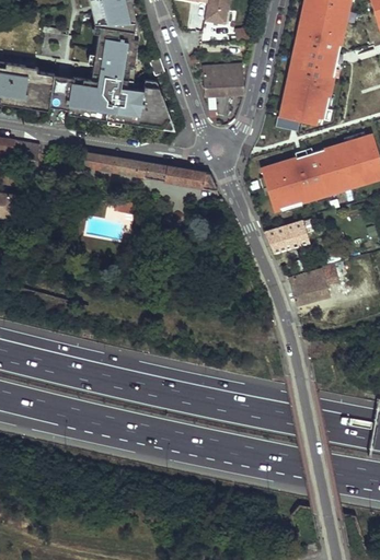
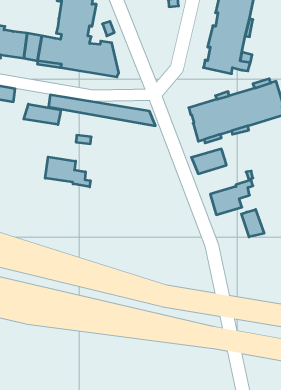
building: [194,58,247,97] -> none
building: none -> [24,104,61,125]
building: none -> [45,157,90,187]
building: none -> [241,209,264,237]

